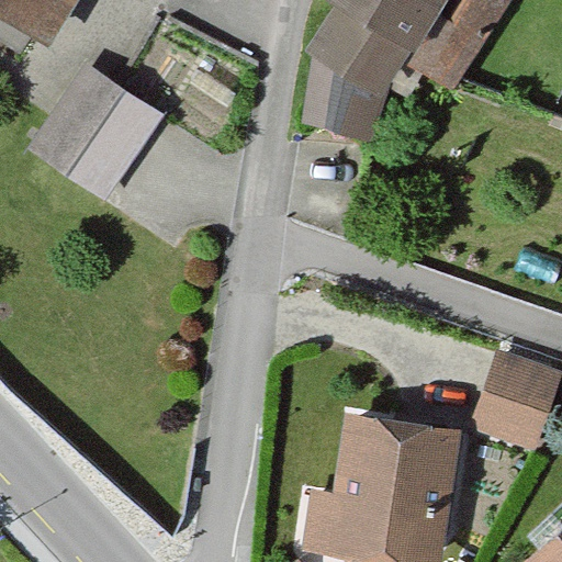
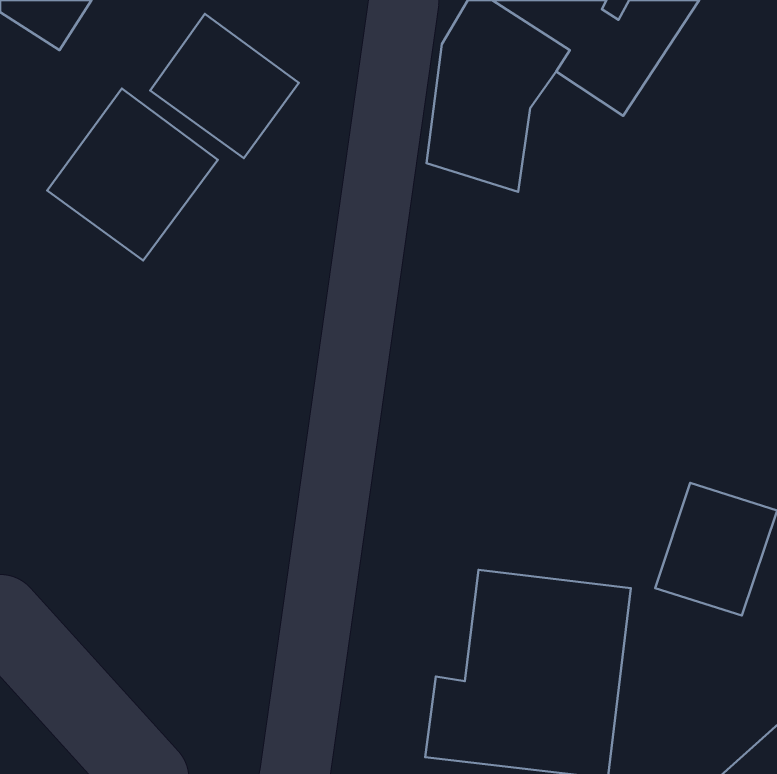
building: none -> [150,14,299,158]

